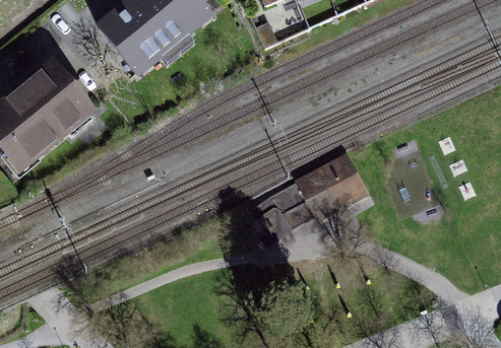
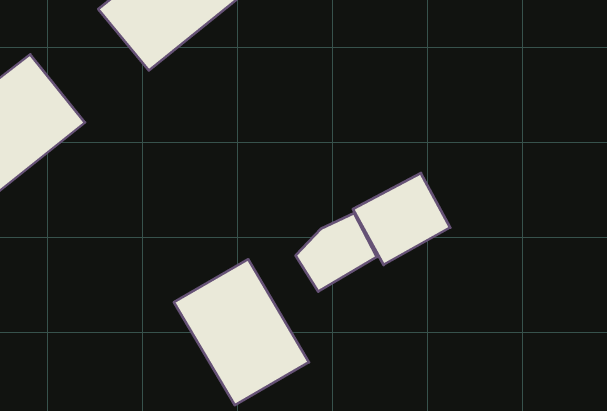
building: none -> [174,259,309,405]

